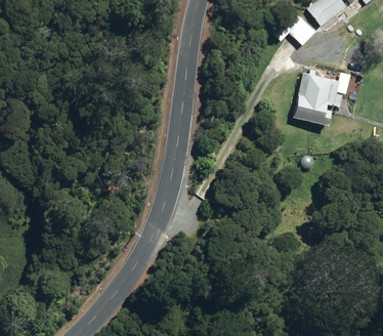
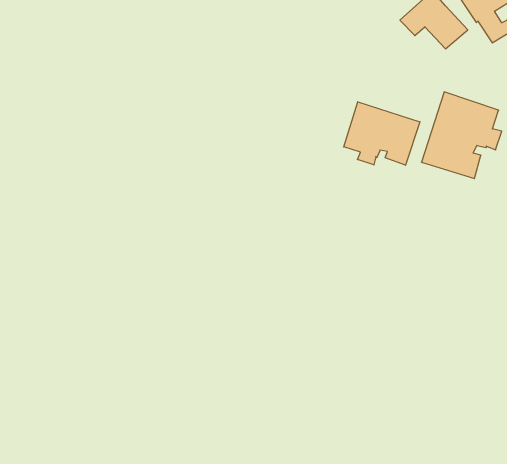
building: none -> [344,102,420,165]

